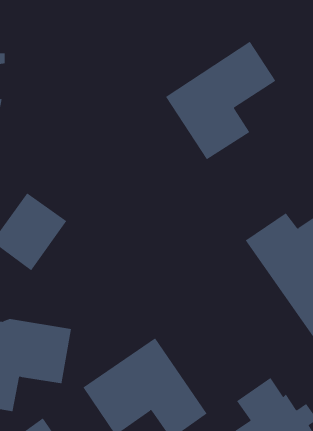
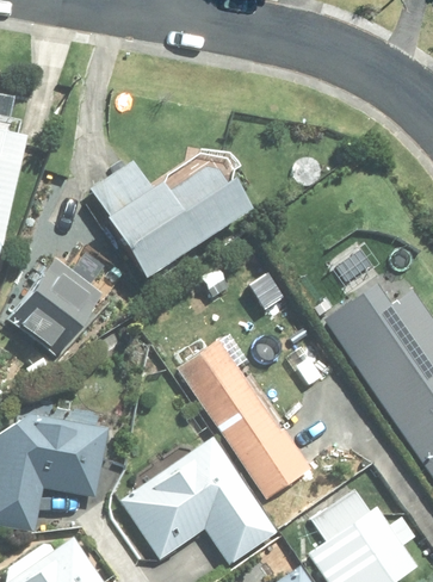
building: [165,41,276,160] -> none
building: none -> [92,159,250,293]
building: none -> [177,336,313,496]

